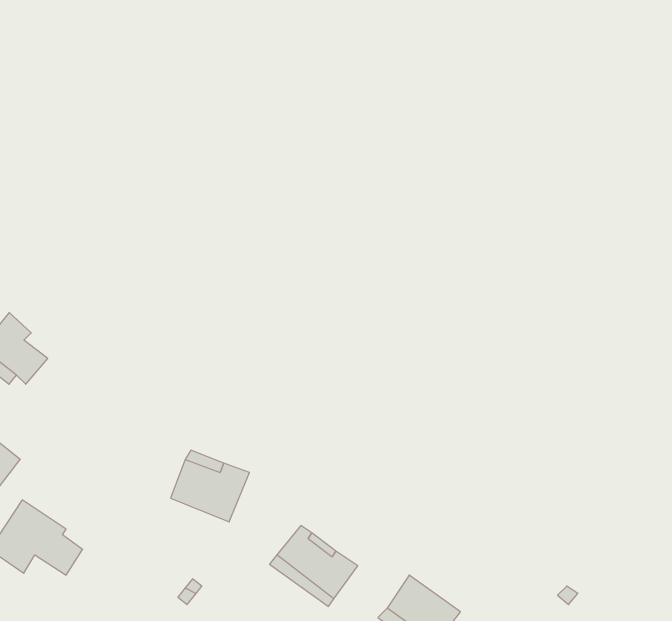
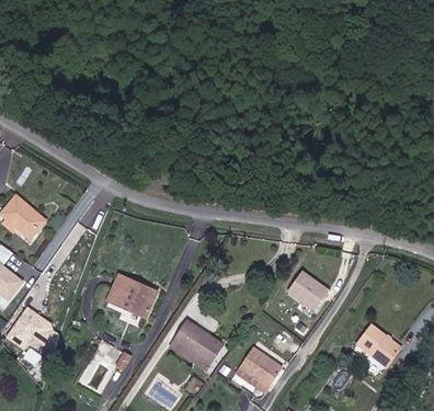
building: none -> [283,270,327,311]
building: none -> [354,330,397,369]

